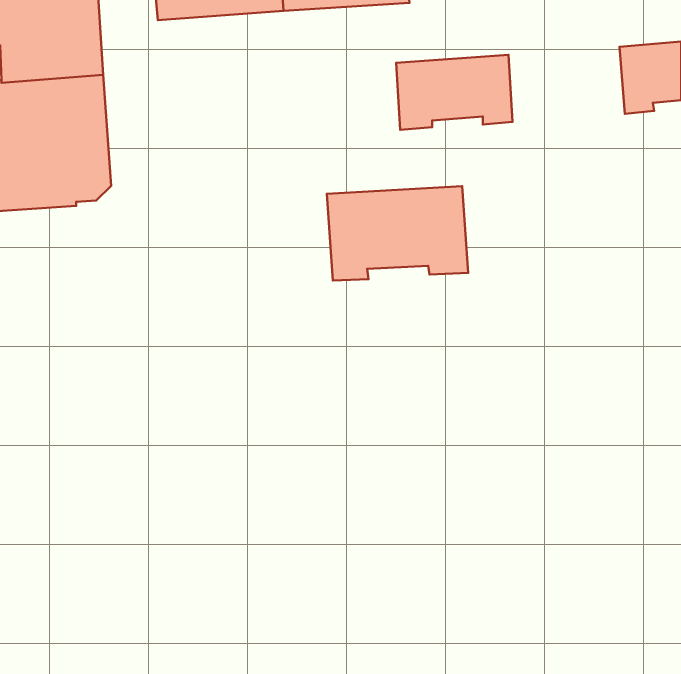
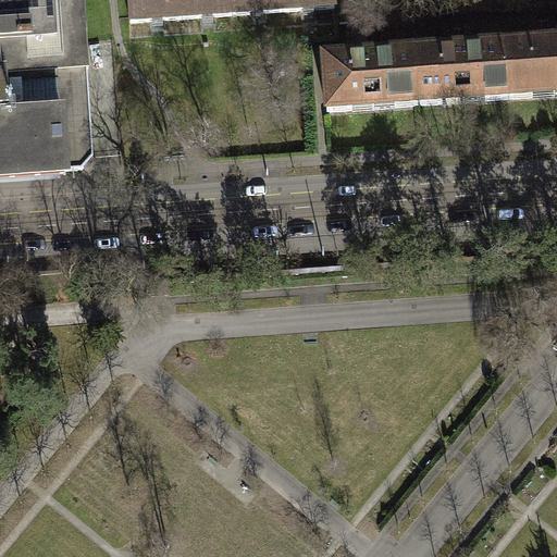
building: none -> [413,38,508,99]
building: [327,186,468,280] -> none

